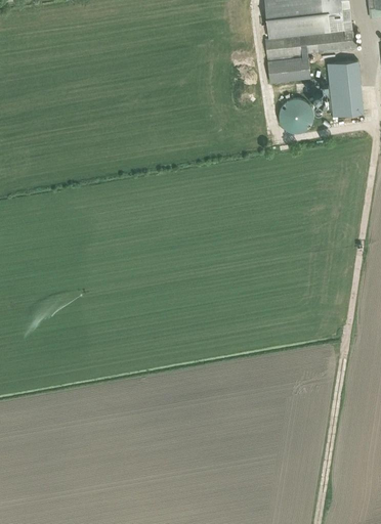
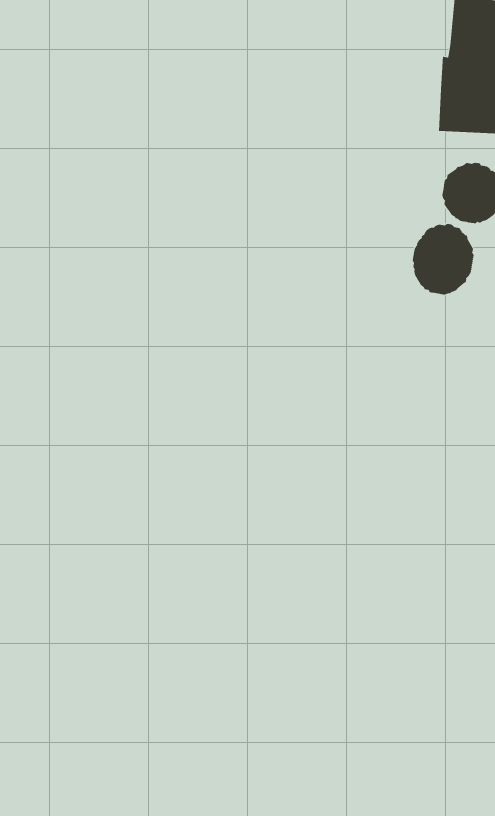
building: none -> [412,223,474,295]

